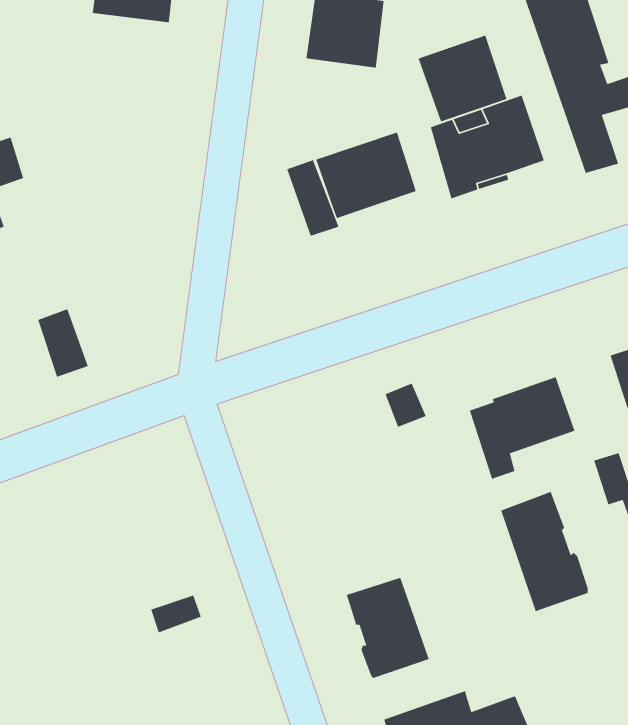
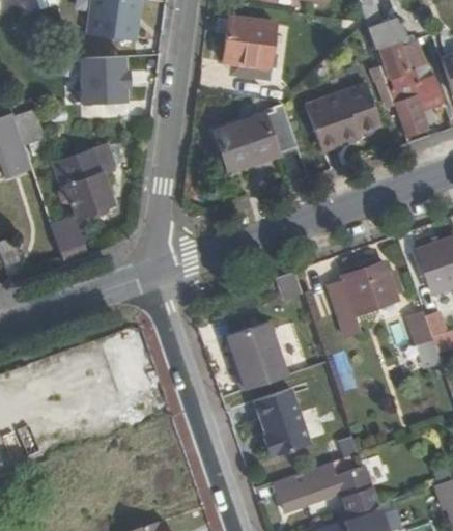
building: [418,34,508,123] -> none
building: none -> [81,51,130,100]
building: none -> [61,146,118,220]
building: none -> [225,328,284,394]
building: [500,491,589,612] -> none

